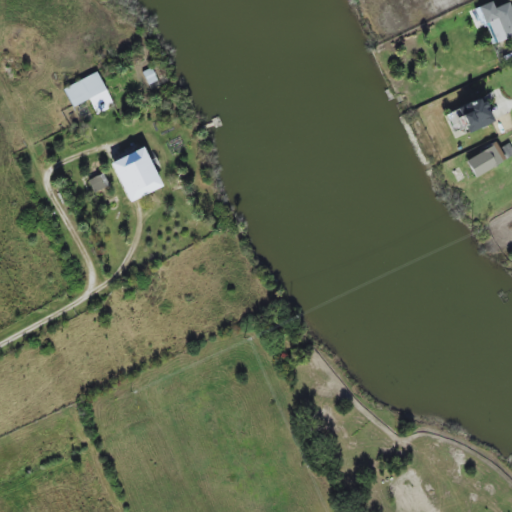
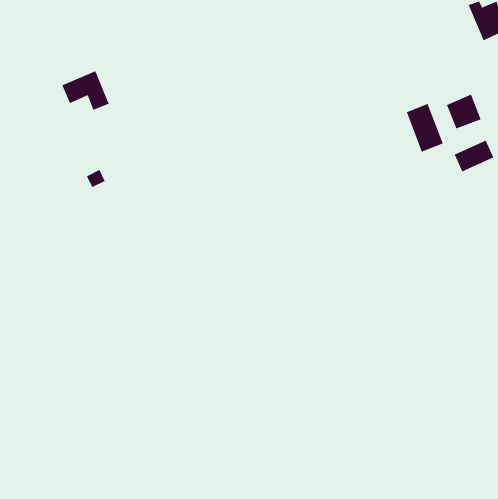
building: none -> [406,103,443,153]
building: [112,147,162,201] -> none

